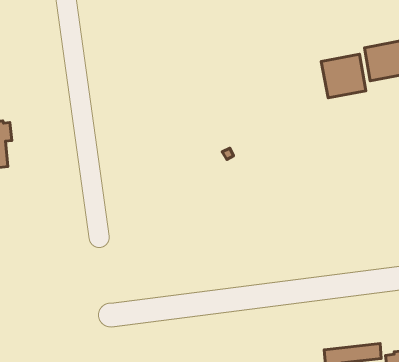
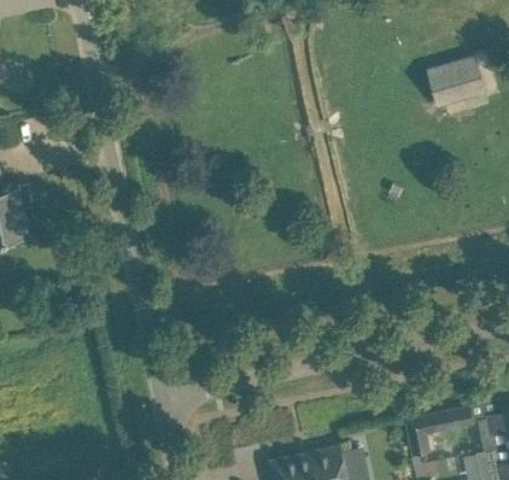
building: [321,54,366,98] -> none

